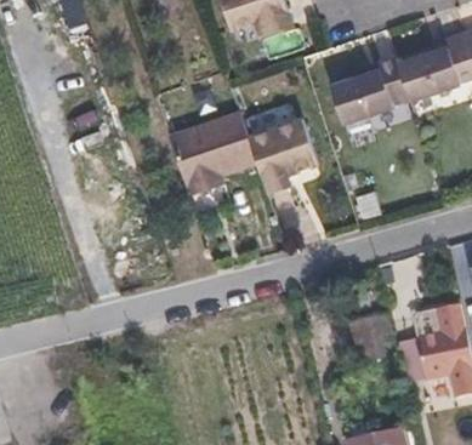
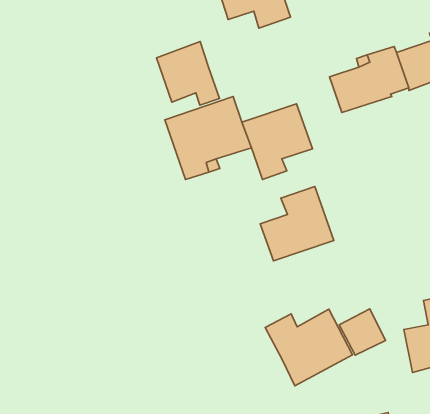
building: none -> [156,42,219,105]
building: none -> [260,187,334,261]
building: none -> [265,309,353,386]

